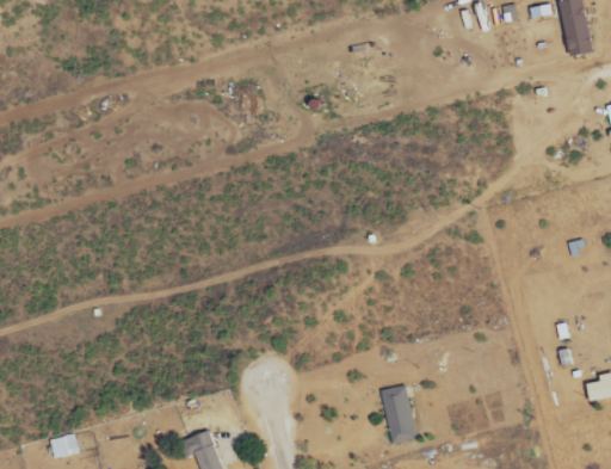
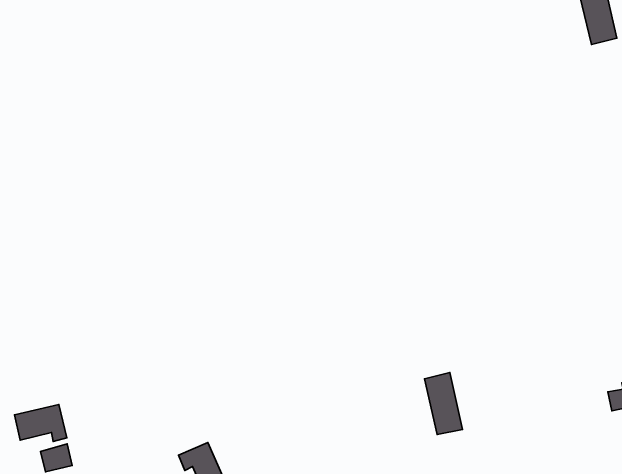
building: [381,384,416,443] -> [425,372,463,435]
building: none -> [15,404,67,442]

